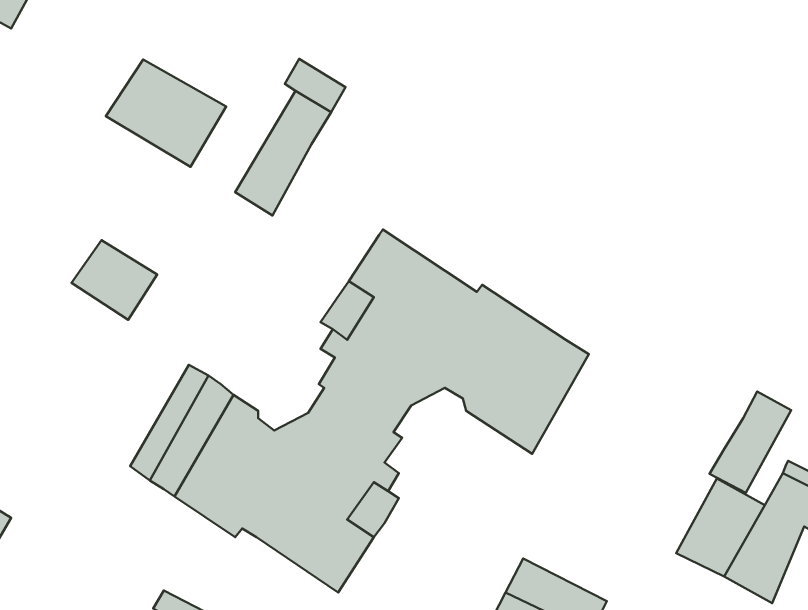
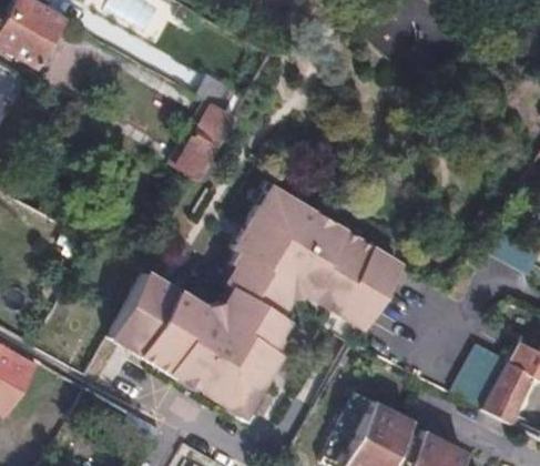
building: [106,60,226,167] -> none
building: [71,240,157,320] -> none
building: [710,392,791,493] -> none

